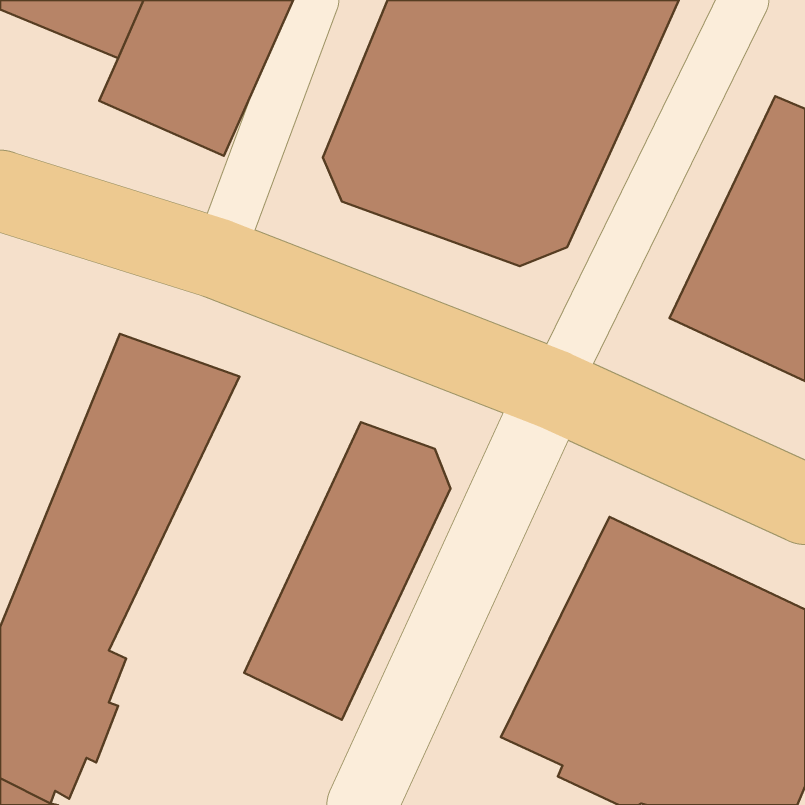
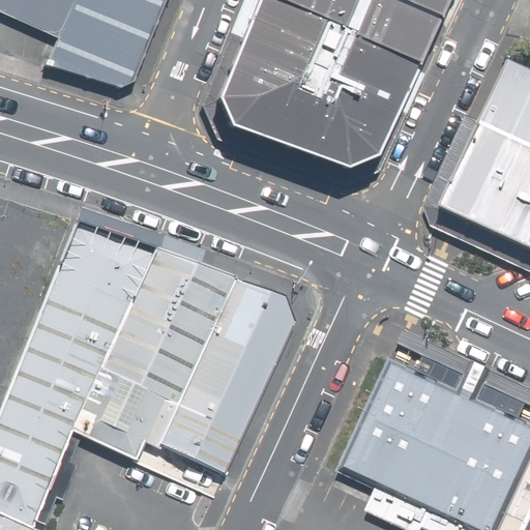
building: none -> [71,247,237,460]

